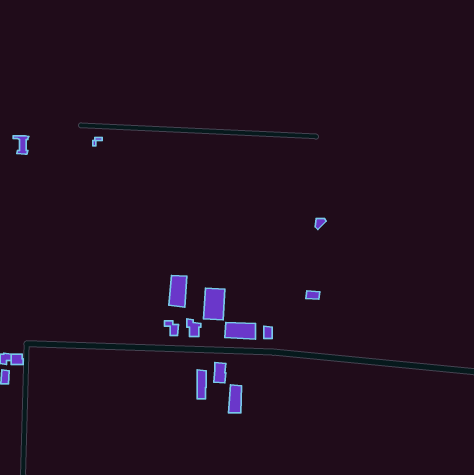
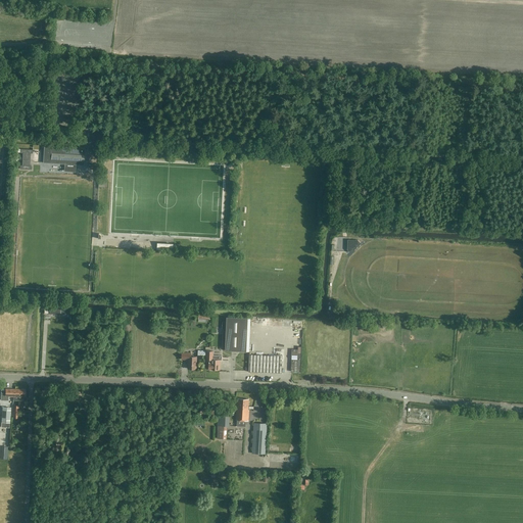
building: none -> [42,145,84,165]
building: [169,275,187,307] -> none

